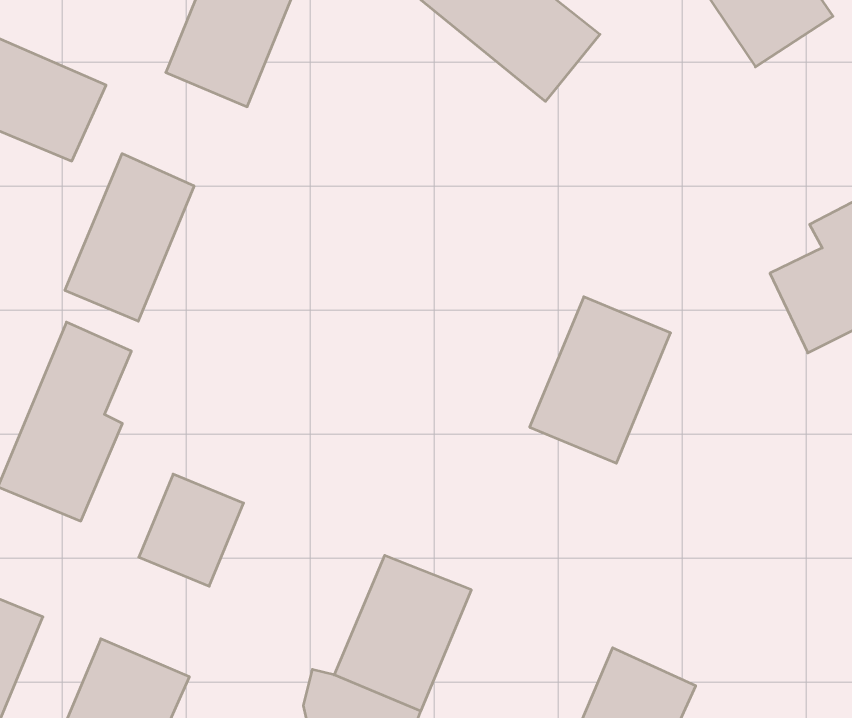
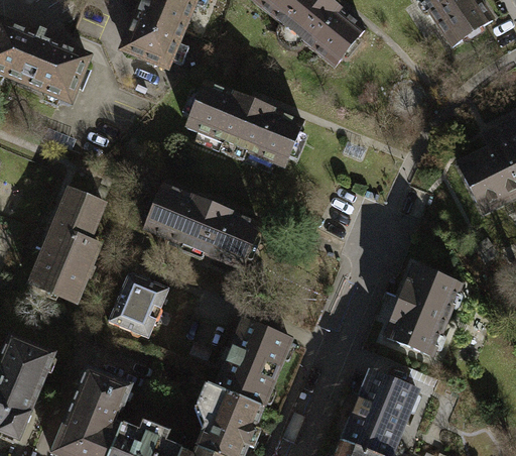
building: none -> [187,82,304,166]
building: [65,154,194,321] -> none
building: [530,297,671,463] -> [383,264,462,357]
building: none -> [144,184,259,268]

